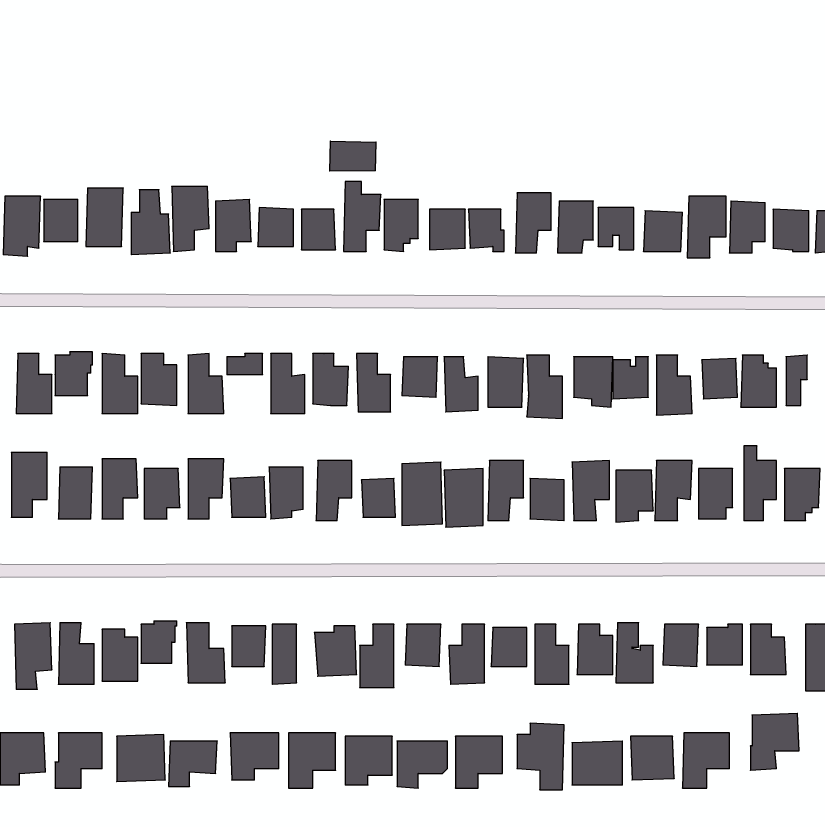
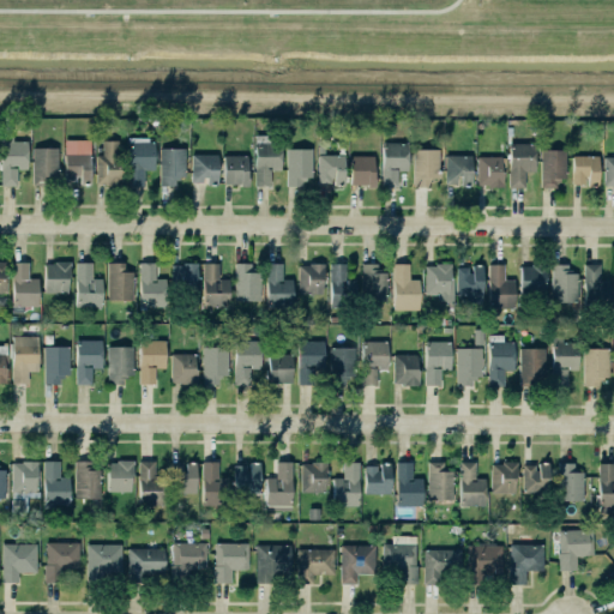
building: [330,141,376,171] -> none

